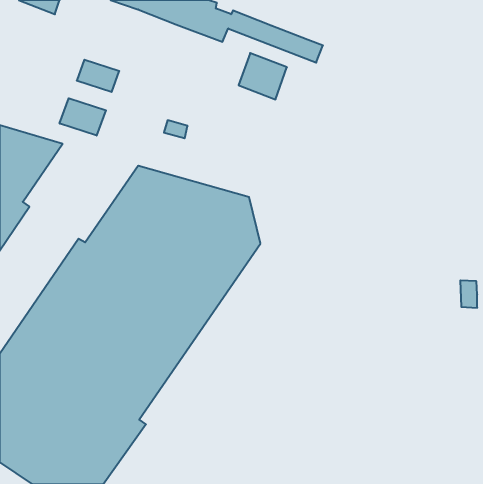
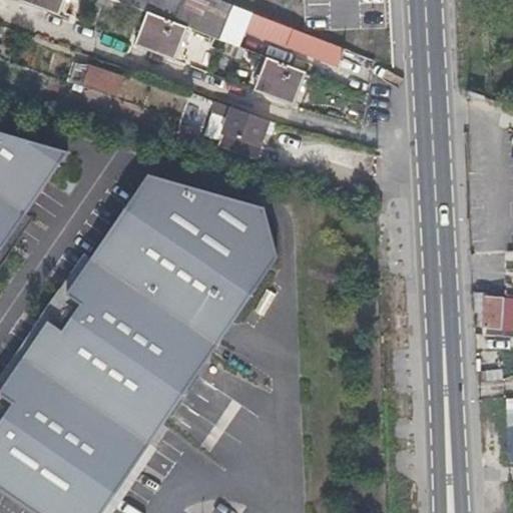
building: none -> [133,10,186,60]
building: none -> [204,101,268,158]
building: [60,98,106,136] -> none

